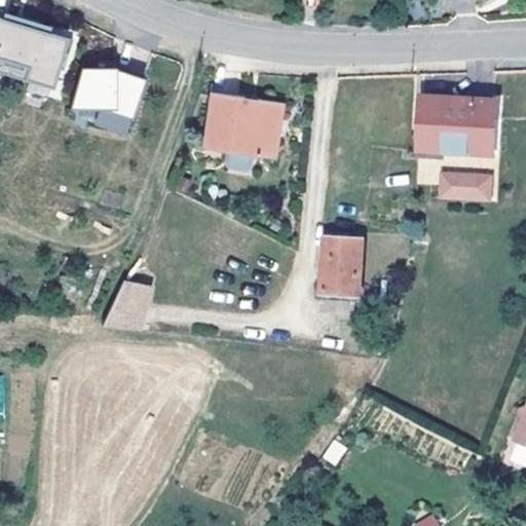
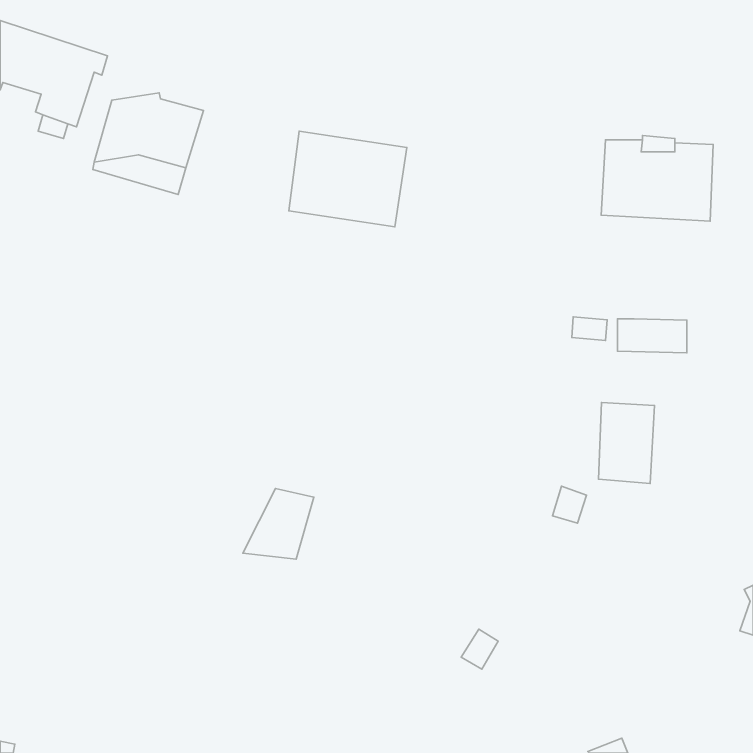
building: [444,175,492,198] -> [618,319,687,353]
building: [324,237,363,294] -> [599,403,655,484]
building: [101,279,150,329] -> [243,488,314,559]

